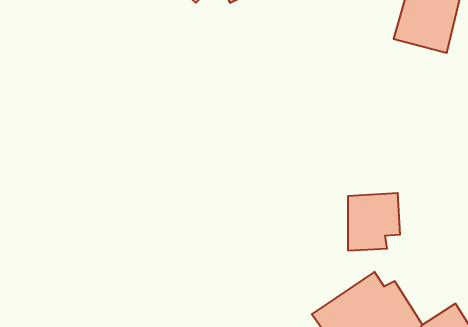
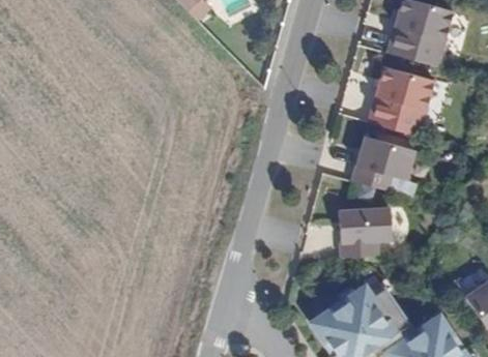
building: none -> [371,62,435,138]
building: none -> [353,133,414,192]

